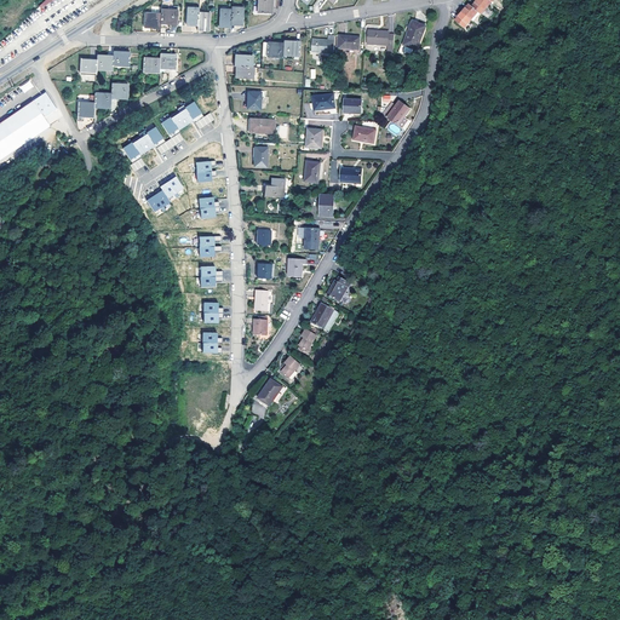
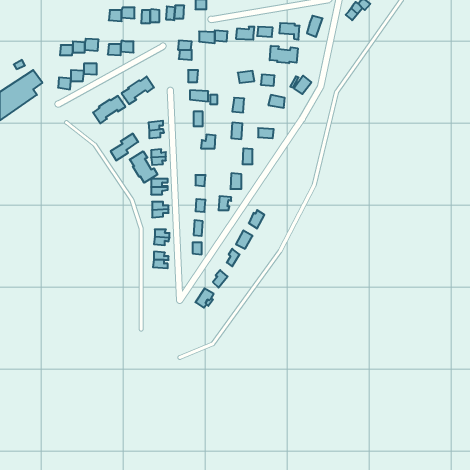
building: none -> [270,46,298,63]
building: none -> [130,151,157,183]

